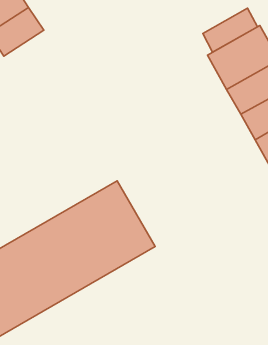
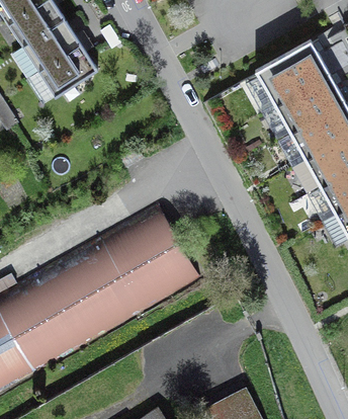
building: [203,8,258,52] -> none
building: none -> [38,46,98,99]

